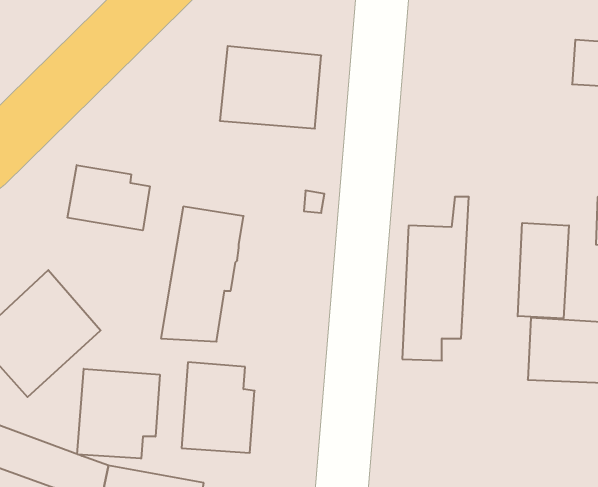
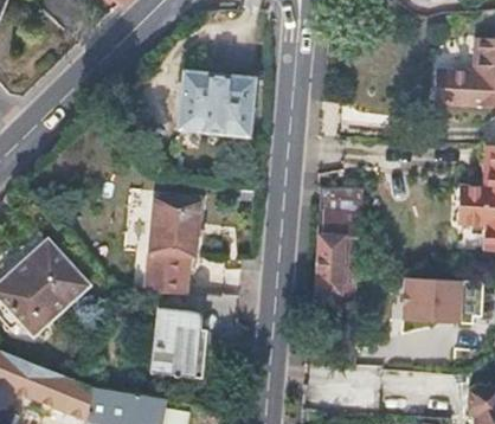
building: [68,165,150,230] -> none
building: [518,223,569,319] -> none
building: [77,369,160,459] -> none

